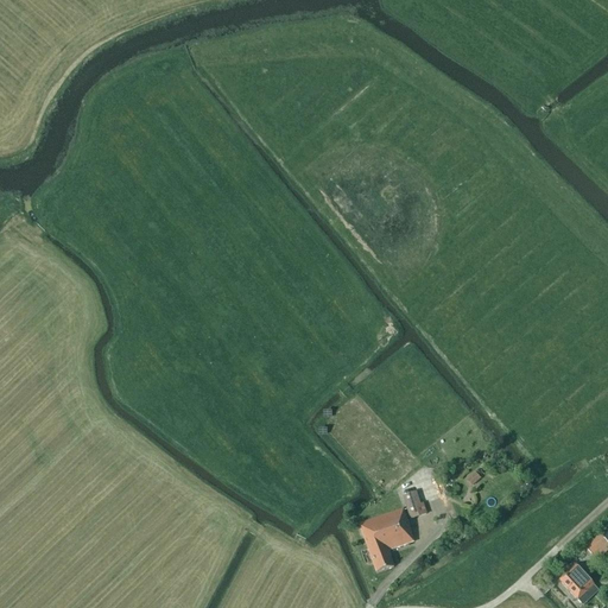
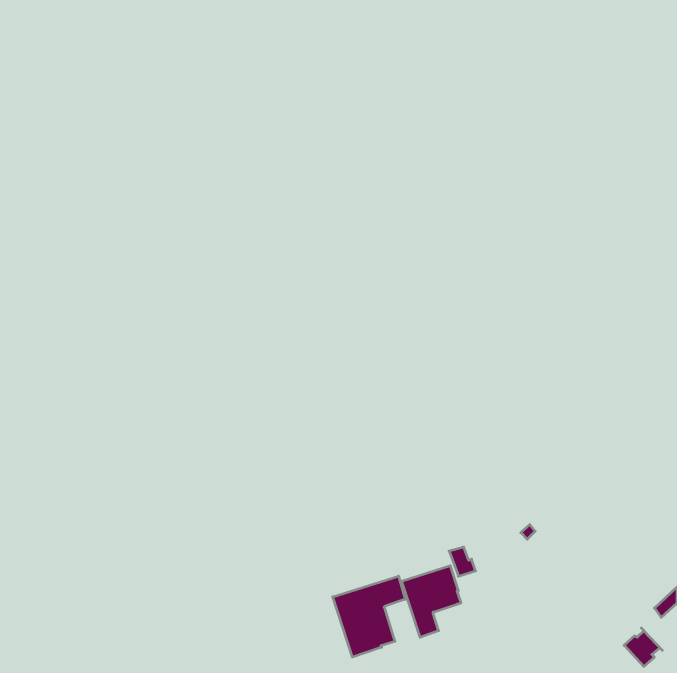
building: none -> [333,576,405,657]

